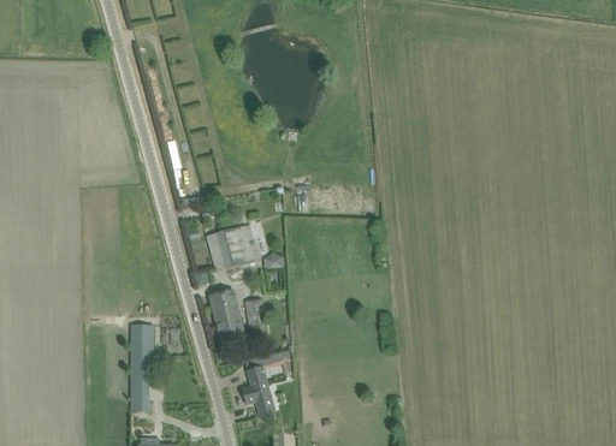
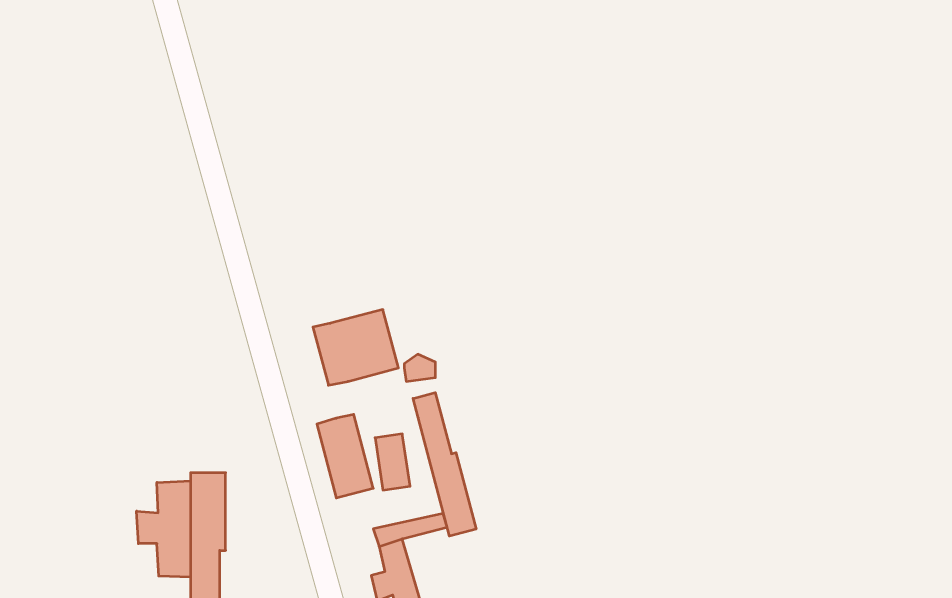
building: none -> [413,393,476,536]
building: none -> [137,481,191,577]

